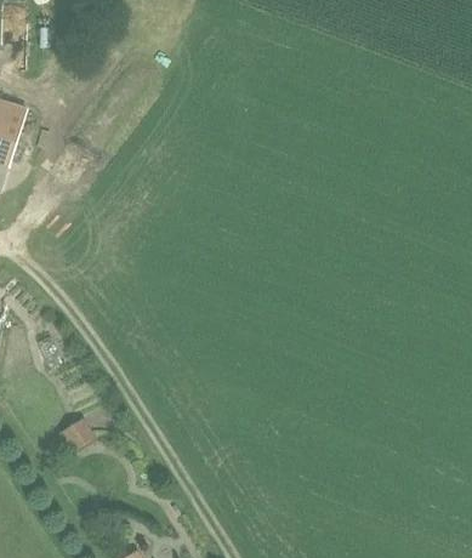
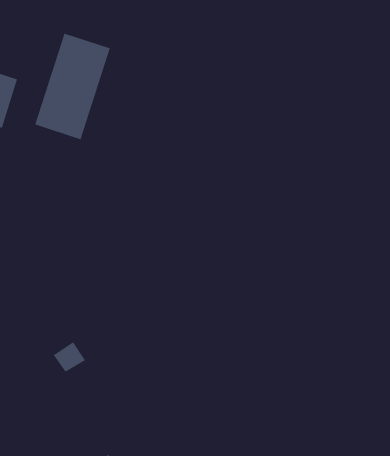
building: none -> [35,33,110,140]

